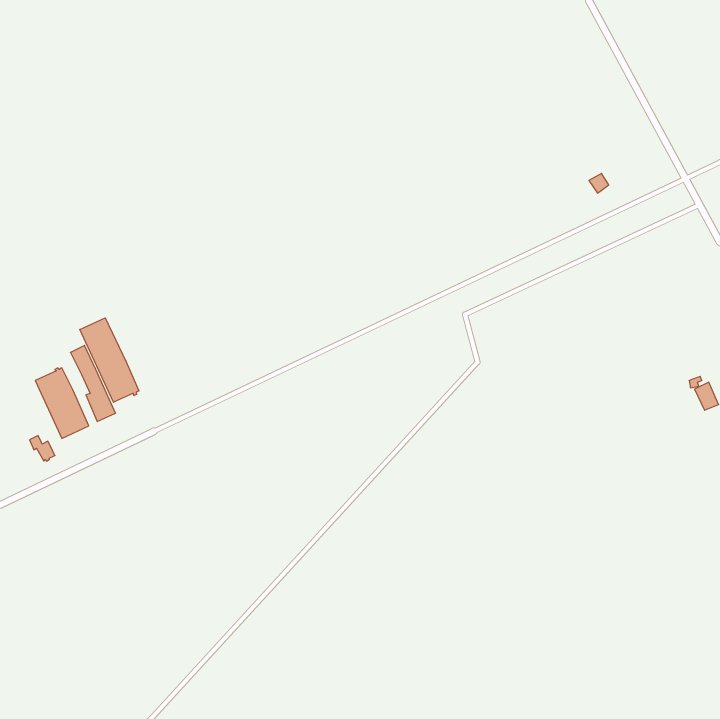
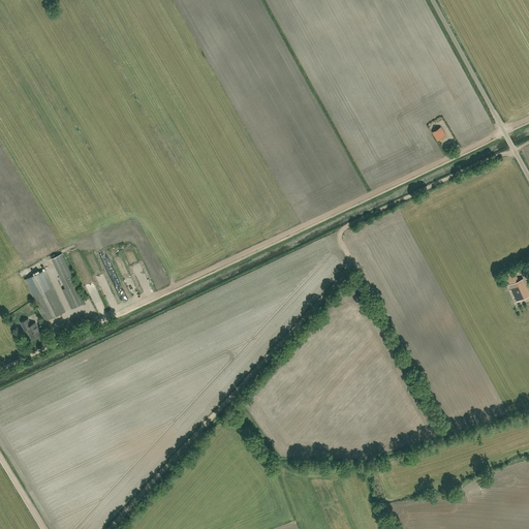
building: [80,318,139,402] -> none

